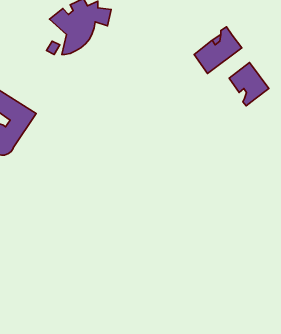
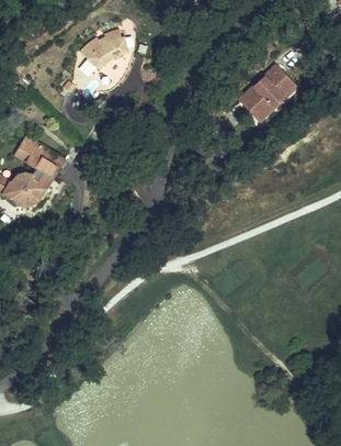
building: [229,62,269,106] -> none

